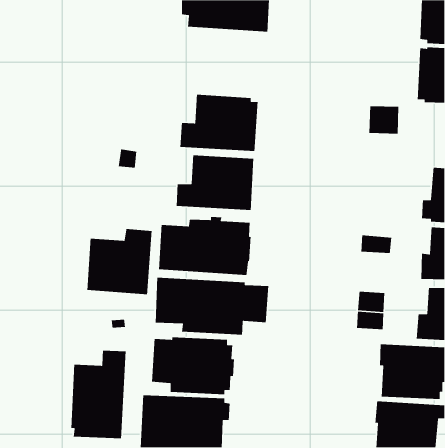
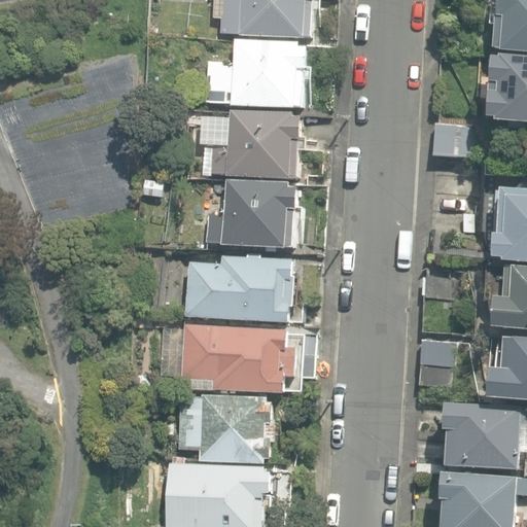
building: none -> [195,40,306,108]
building: [86,228,152,295] -> none
building: [70,350,127,439] -> none

